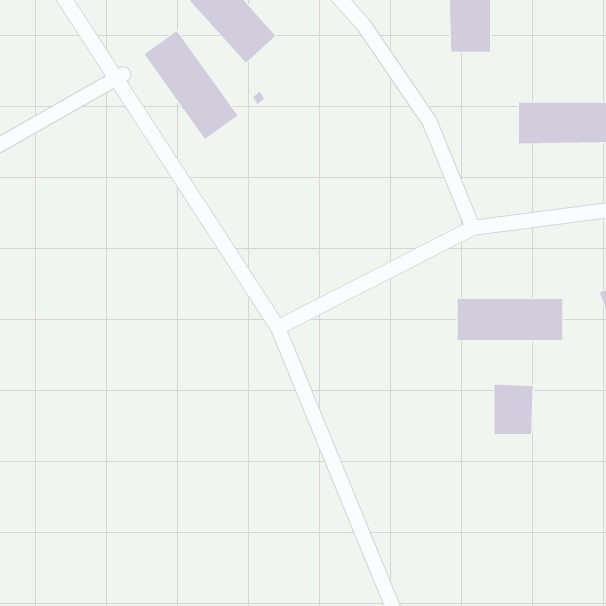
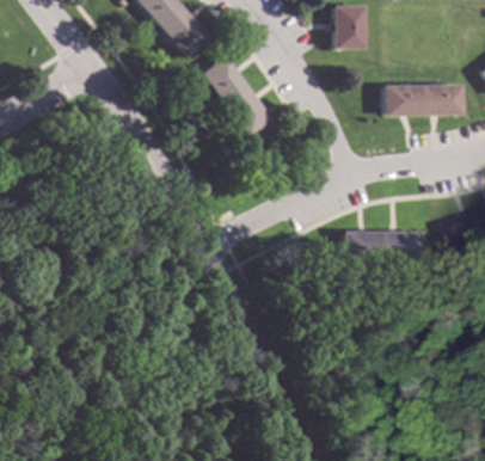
building: [143,30,238,140] -> [202,55,272,136]
building: [494,384,533,435] -> none

